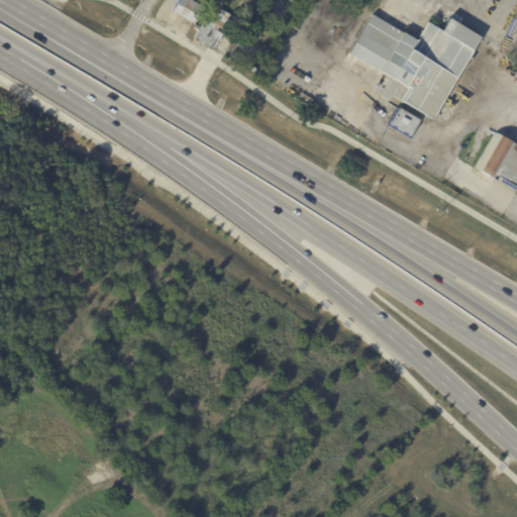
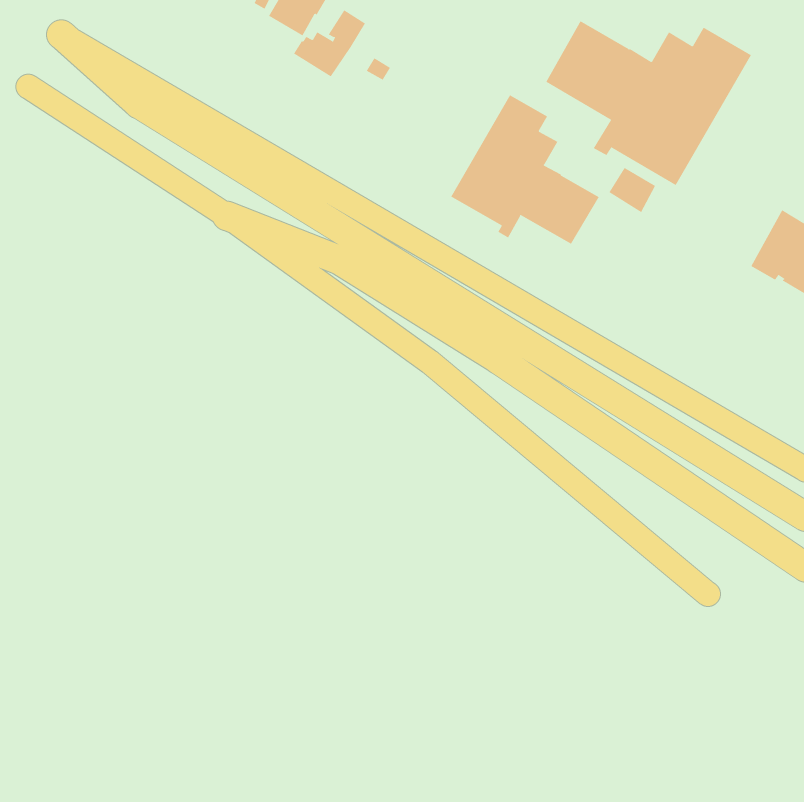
building: none -> [451,94,599,244]

